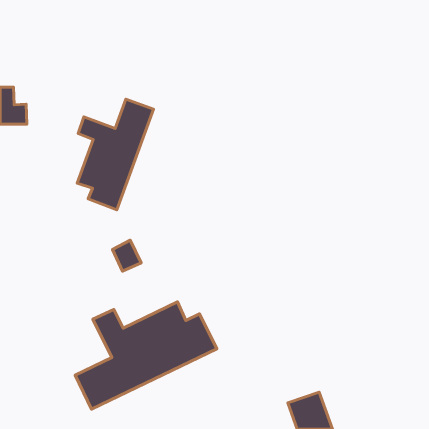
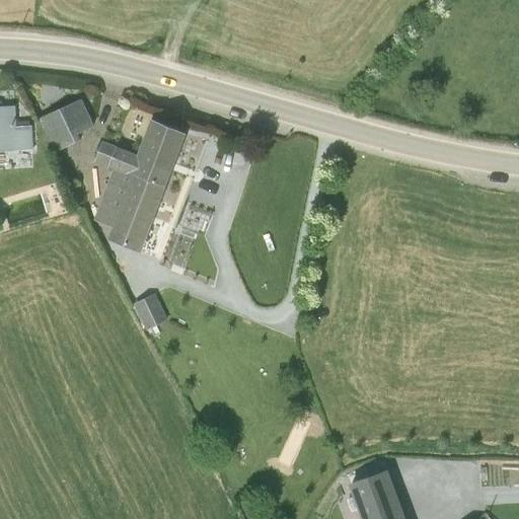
building: none -> [40,99,94,152]
building: [75,302,217,409] -> none

